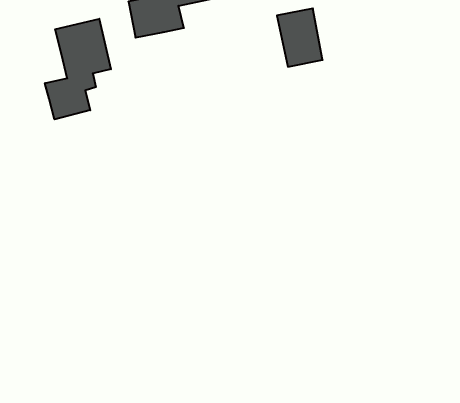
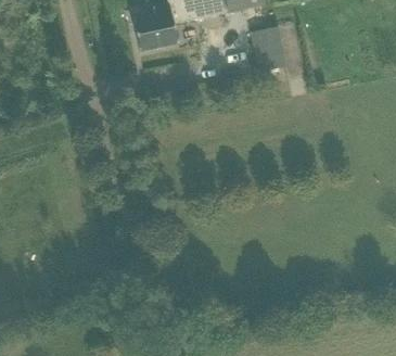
building: [45,19,111,119] -> none

